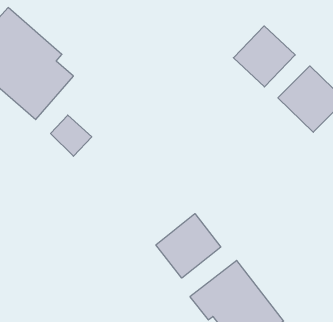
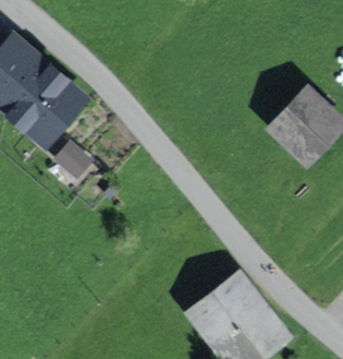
building: [233,26,295,87] -> none
building: [156,214,221,278] -> none

